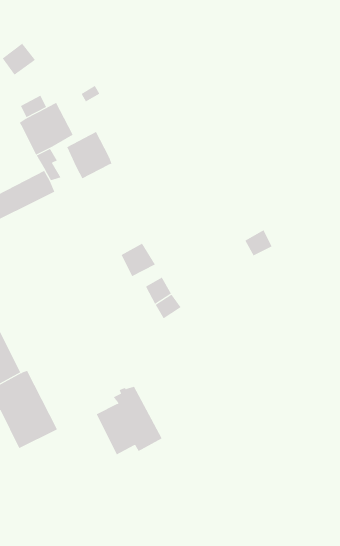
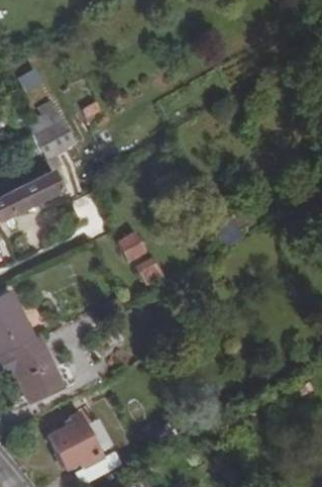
building: [66,131,112,179] -> none
building: [96,386,162,455] -> [49,412,105,470]

